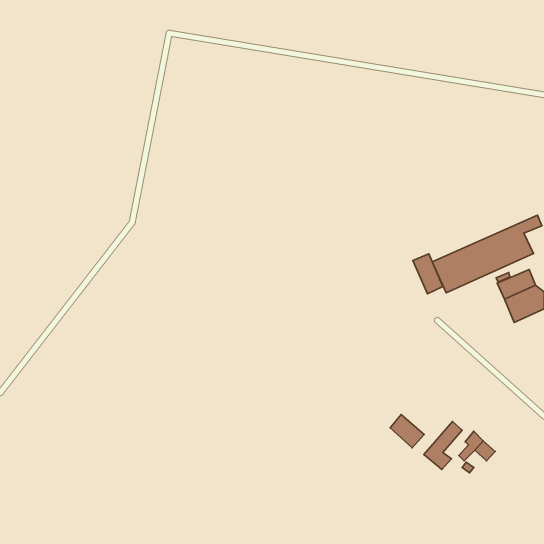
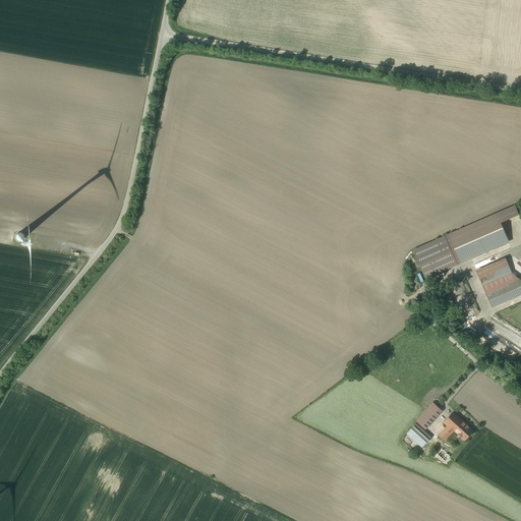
building: [413,254,443,294] -> none
building: [390,415,424,448] -> none

